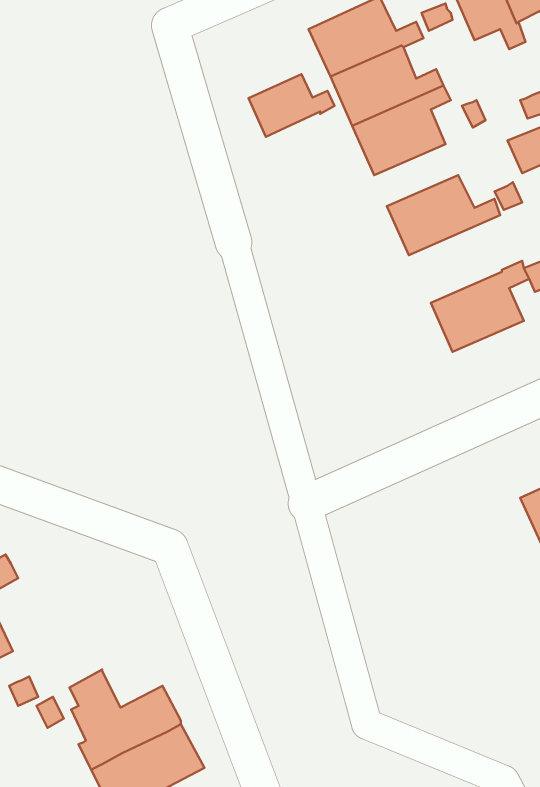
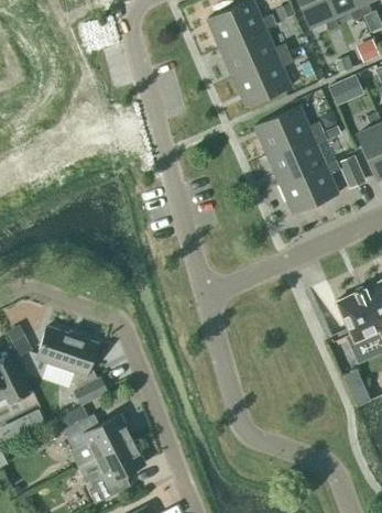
building: [248,74,334,137] -> none
building: none -> [268,131,327,184]
building: none -> [36,327,107,405]

